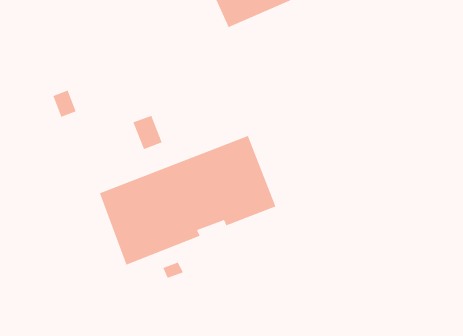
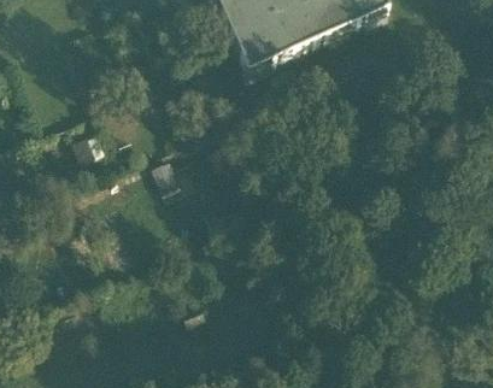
building: [99,135,276,265] -> none

